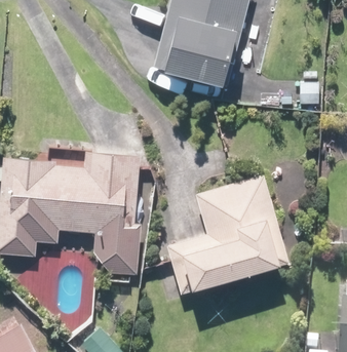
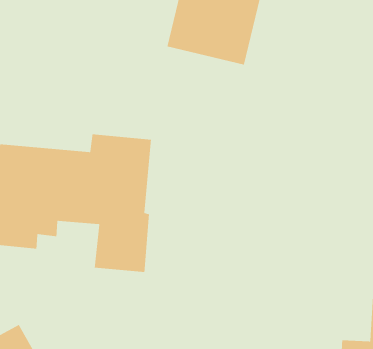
building: [167,173,291,294] -> none

